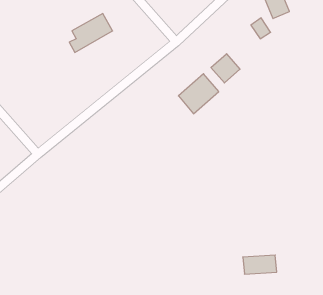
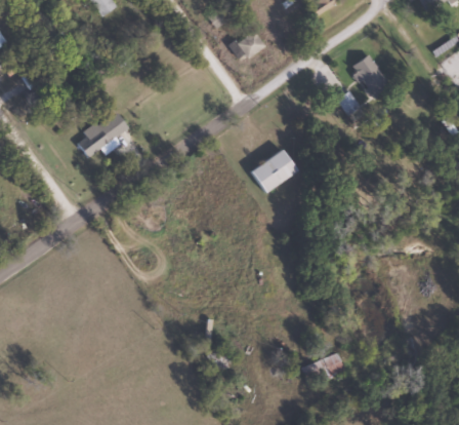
building: [69,14,113,52] -> [79,113,129,154]
building: [211,54,240,83] -> none

